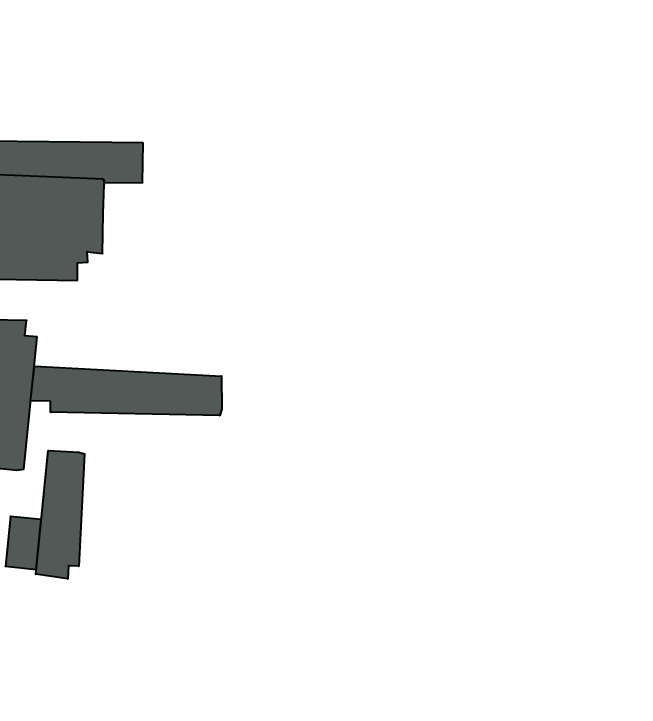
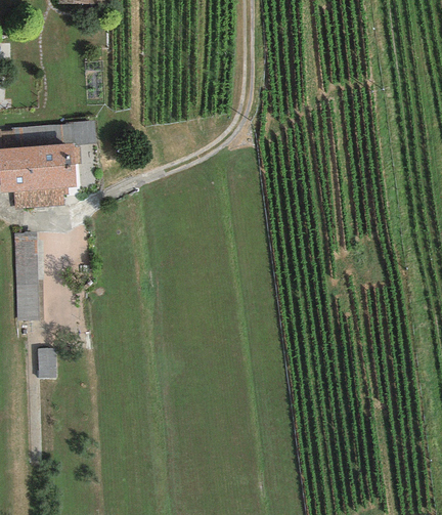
building: [31,366,222,416] -> none
building: [36,451,85,579] -> none

